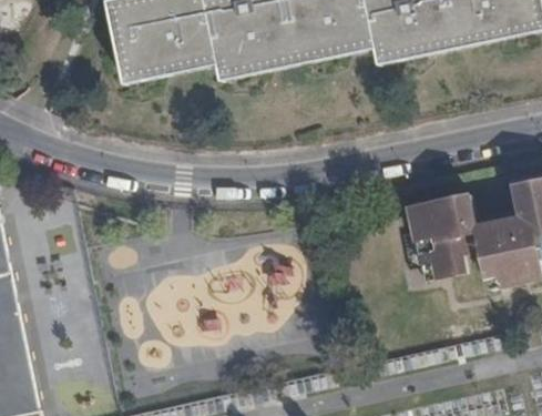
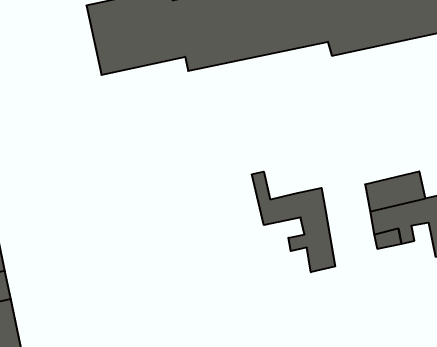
building: none -> [252,172,335,272]

